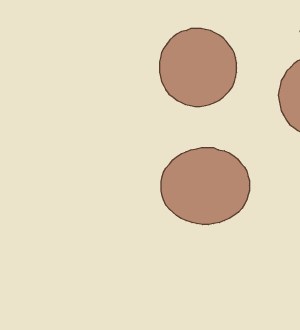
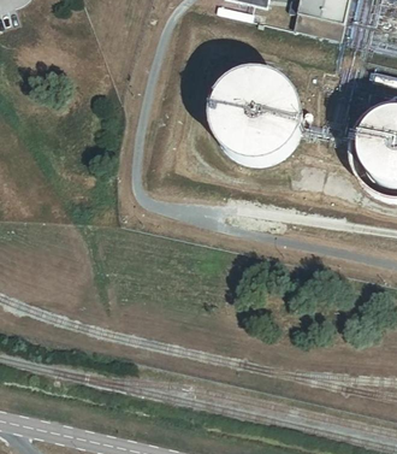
building: [161,148,249,225] -> none

